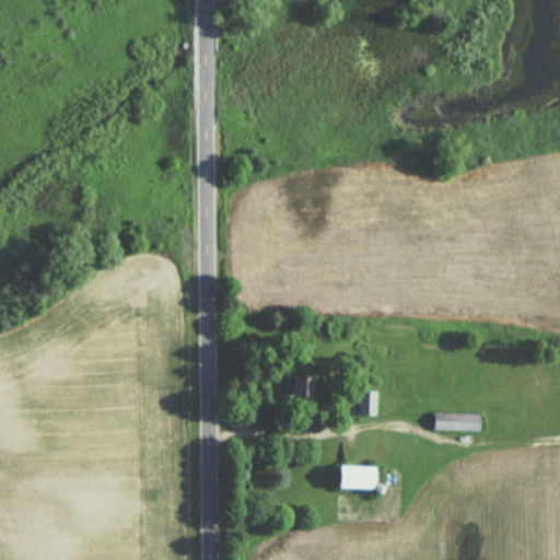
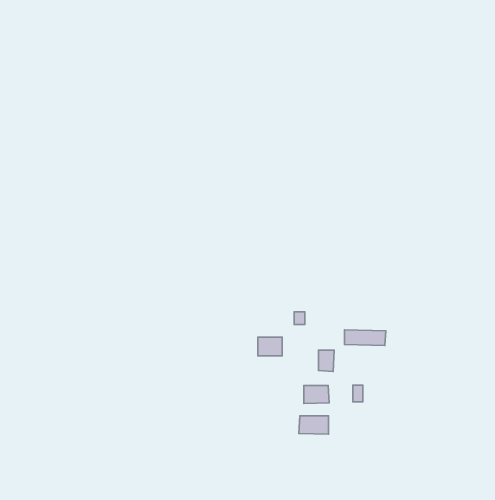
building: [438,415,483,432] -> [345,330,386,345]
building: none -> [304,386,329,404]

